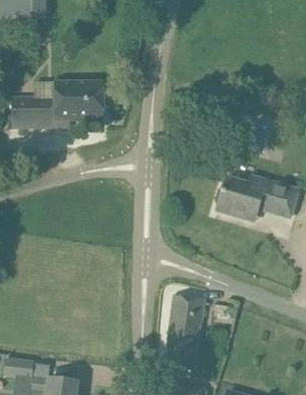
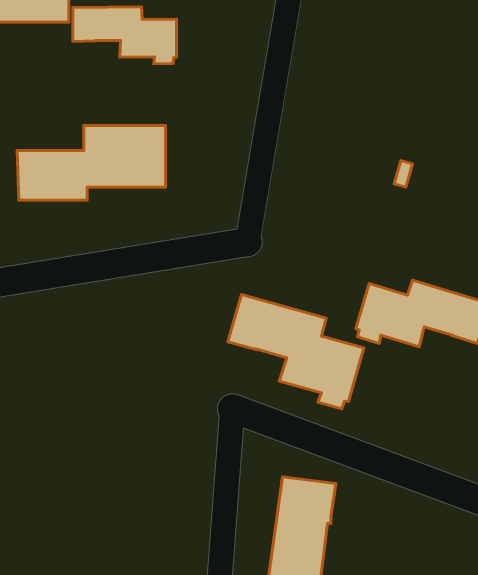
building: none -> [73,7,177,64]
building: none -> [228,295,364,409]

